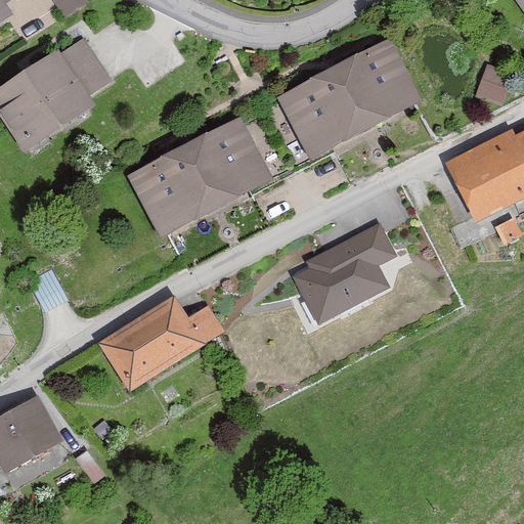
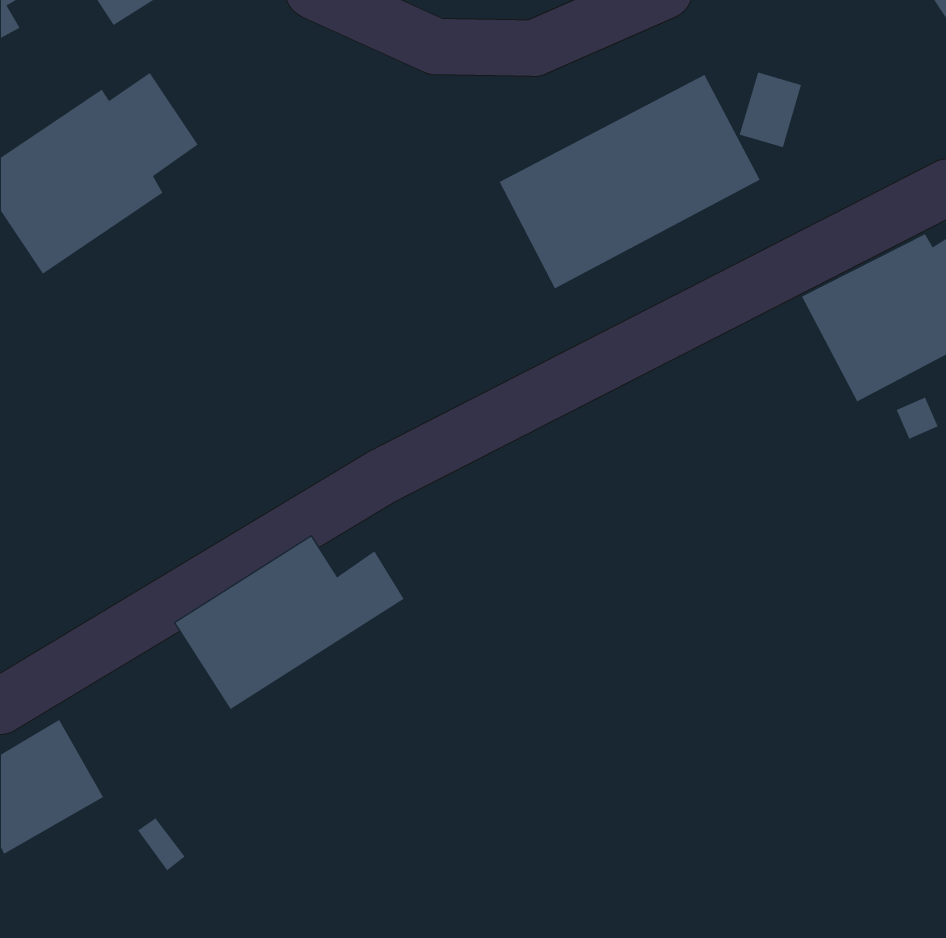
building: [476,61,511,103] -> [739,72,802,148]
building: [128,118,269,234] -> none
building: [294,223,395,322] -> none

